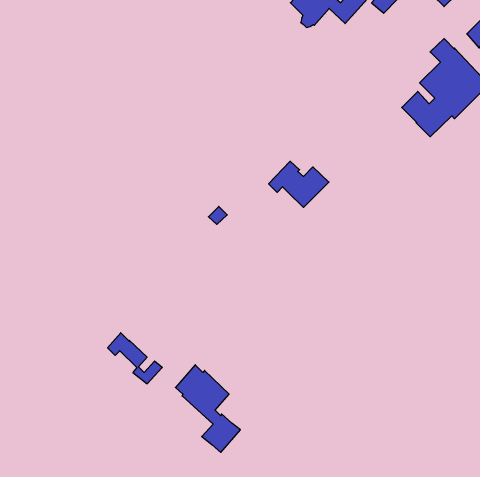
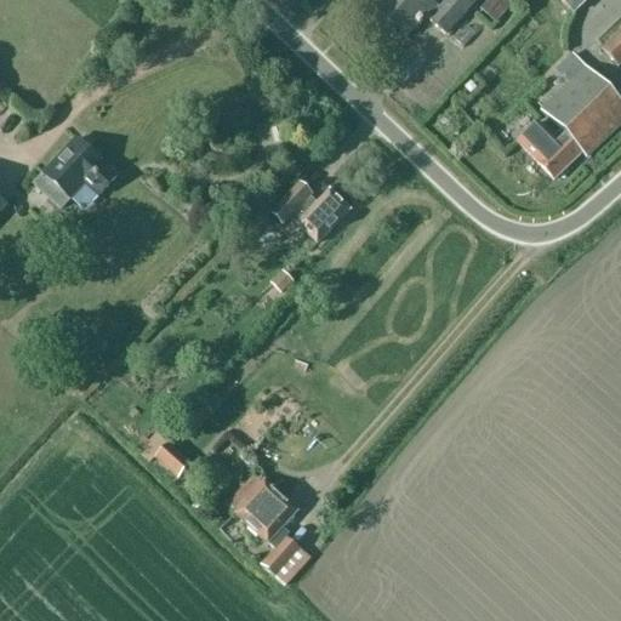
building: none -> [35,135,118,205]
building: [269,161,329,207] -> [273,180,351,239]

